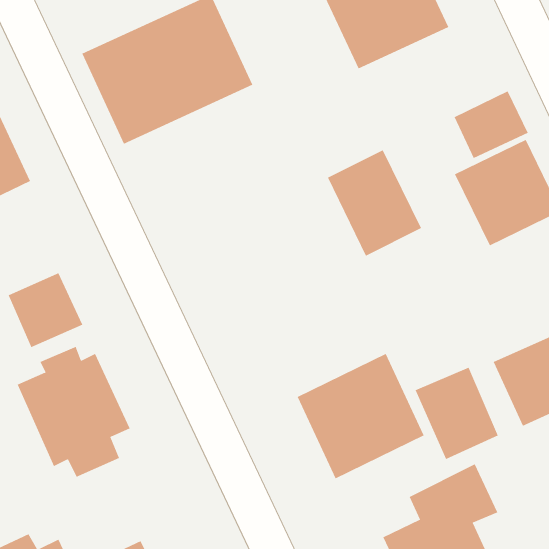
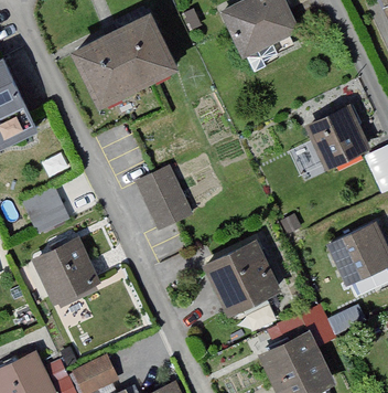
building: [454,90,529,159] -> none
building: [327,149,422,256] -> [133,163,193,231]
building: [415,367,499,460] -> none

